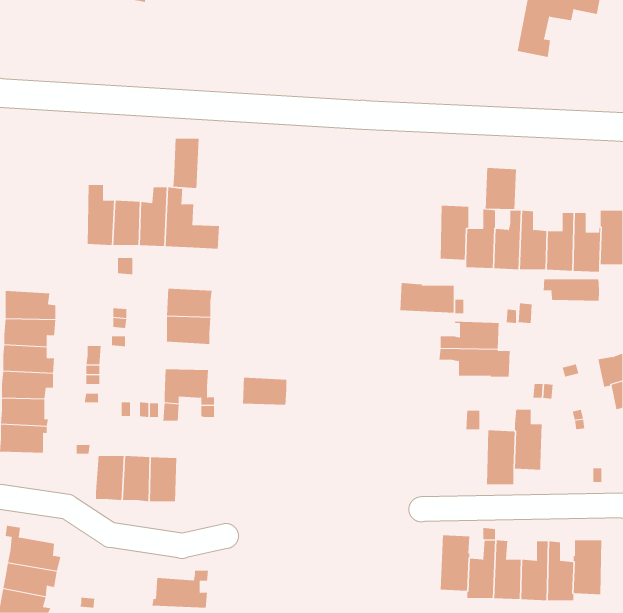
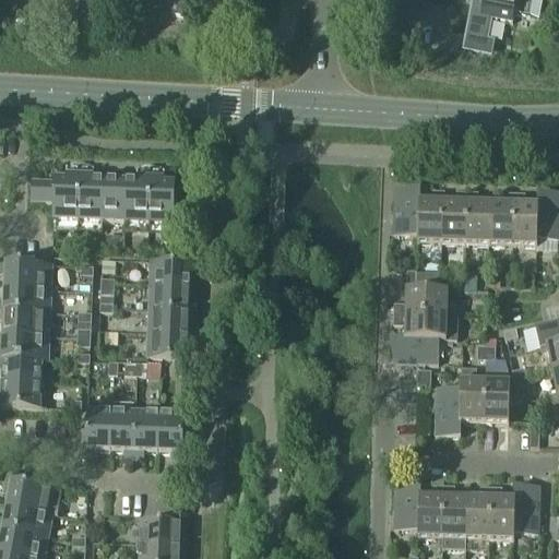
building: [173,138,199,189] -> none
building: [485,167,517,210] -> none
building: none -> [29,164,79,218]
building: [543,278,600,301] -> none
building: [399,283,454,313] -> [389,334,438,361]
building: [242,377,287,405] -> [147,306,188,331]
building: none -> [484,367,509,420]
building: none -> [157,409,183,450]

